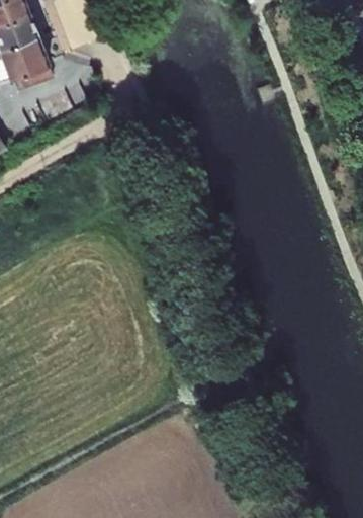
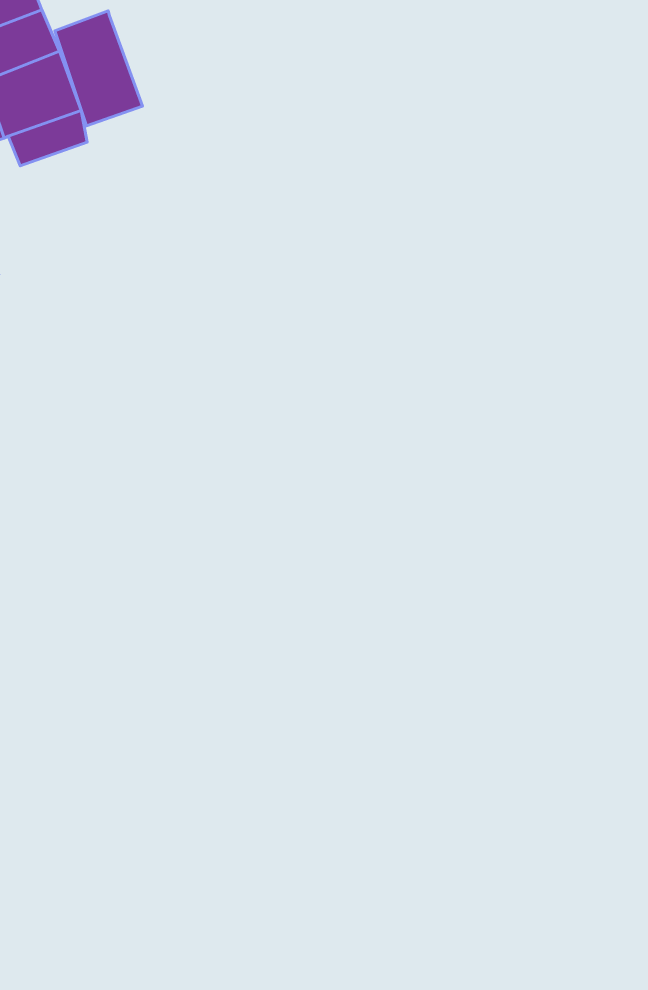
building: none -> [55,11,143,126]

